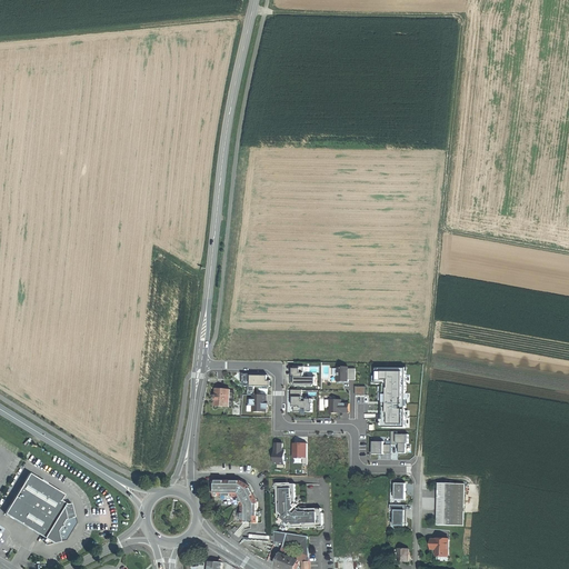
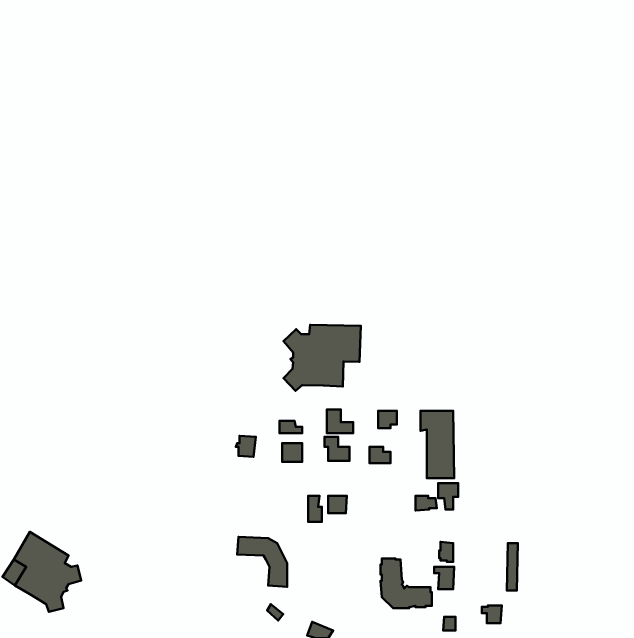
building: none -> [284,325,361,391]
building: [274,483,320,528] -> [381,558,432,608]
building: [435,483,452,526] -> none

